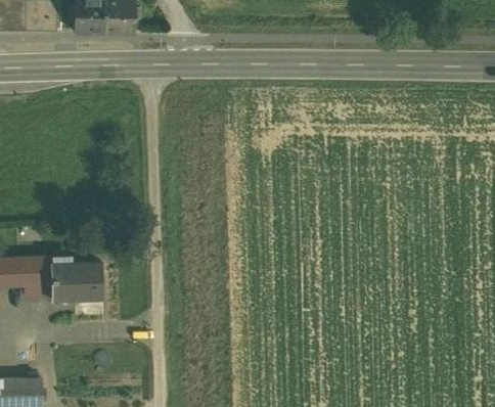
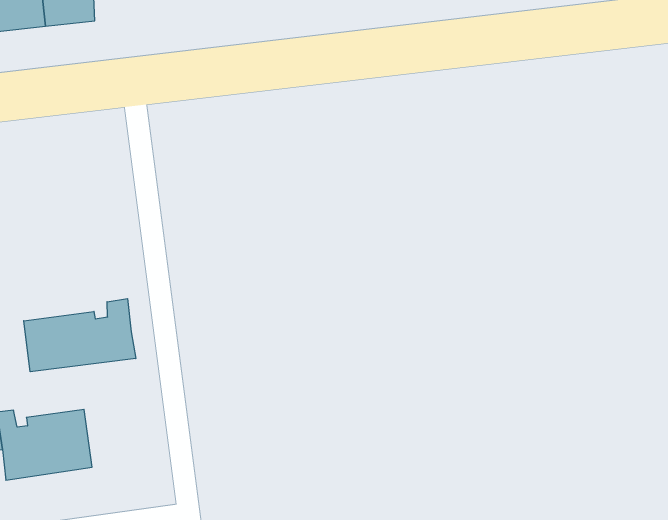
building: none -> [24,299,136,372]

